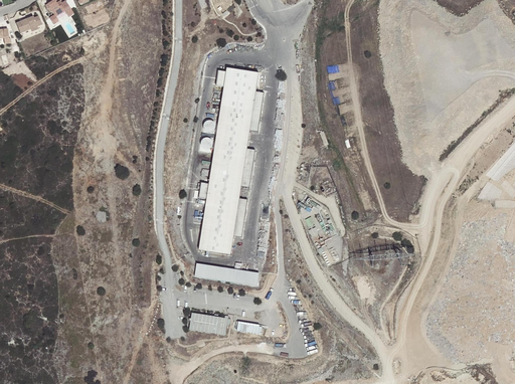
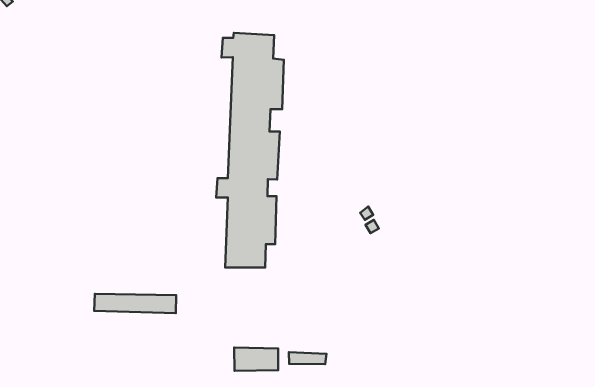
building: [194,264,260,287] -> [94,294,176,313]

